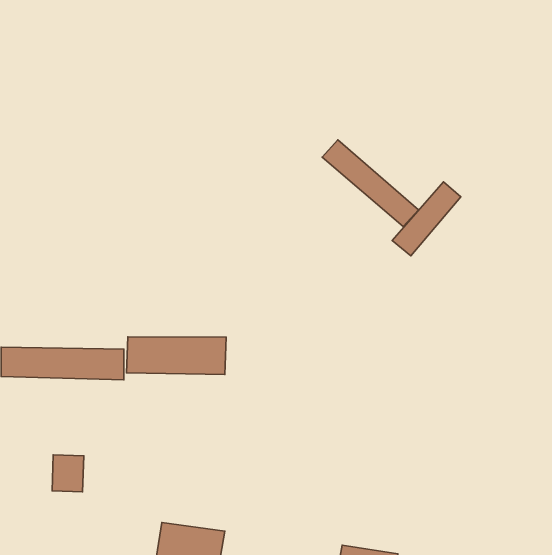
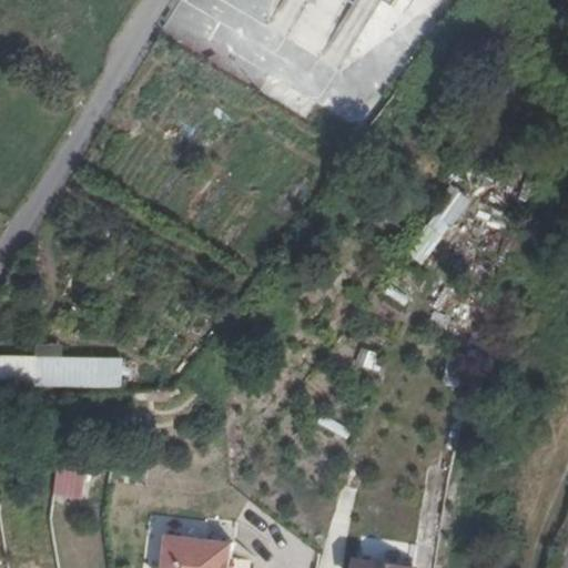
building: [322,140,418,227] -> none
building: [127,337,226,374] -> none

